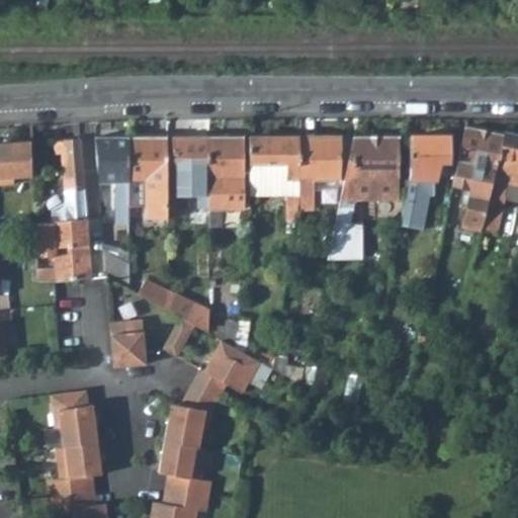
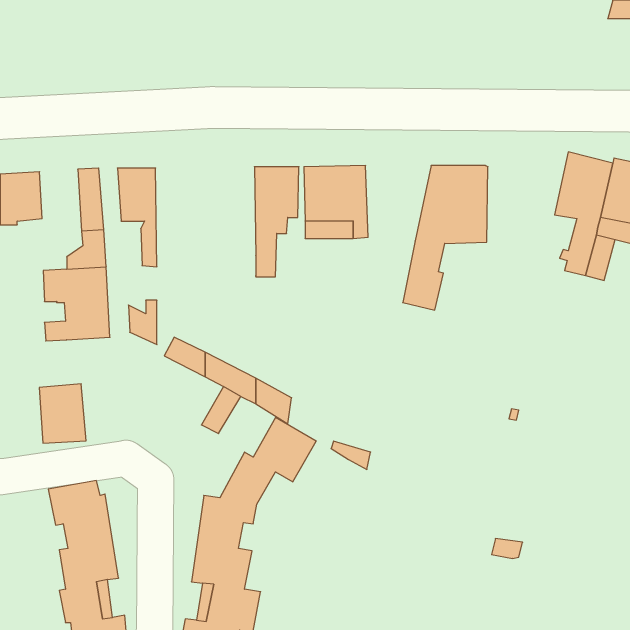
building: [400,136,450,229] -> none
building: [300,137,341,195] -> none
building: [175,138,210,210] -> none
building: [128,139,168,221] -> none
building: [112,318,151,366] -> [39,384,86,443]

